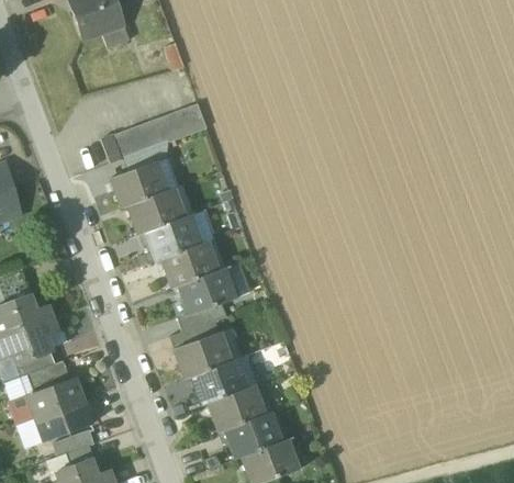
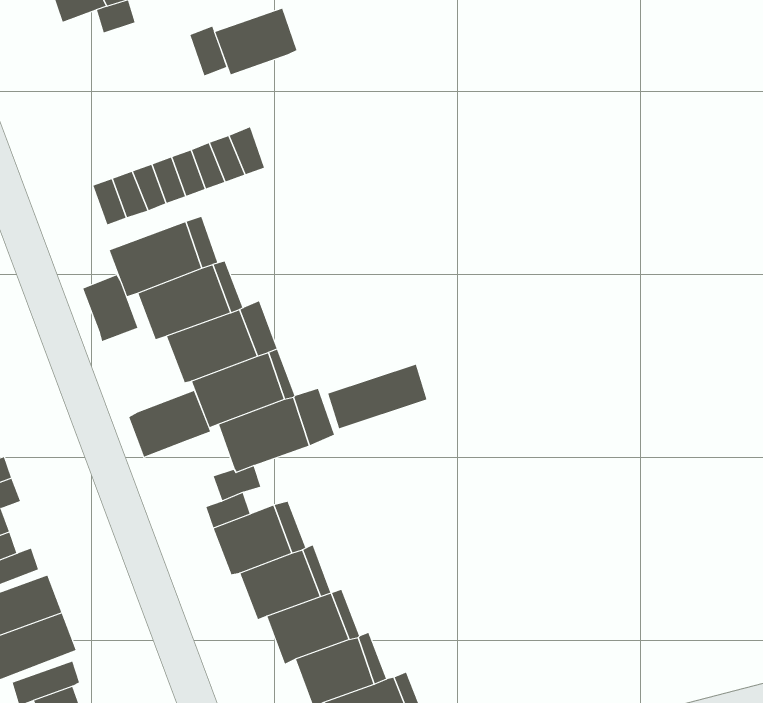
building: none -> [215,8,297,75]
building: none -> [82,274,138,342]
building: none -> [327,364,427,429]
building: none -> [129,390,211,457]

